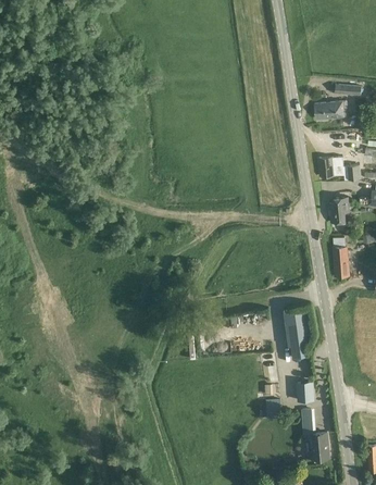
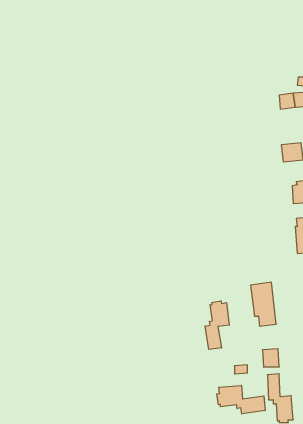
building: none -> [205,301,229,349]
building: none -> [217,385,265,414]

